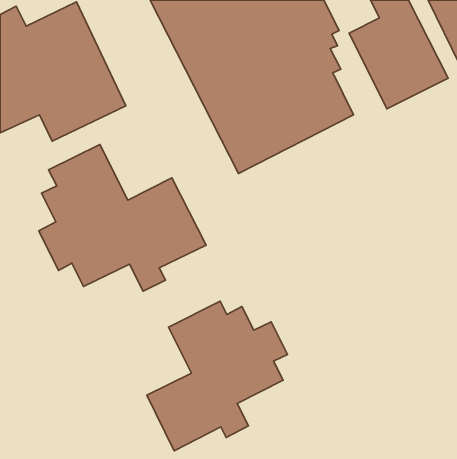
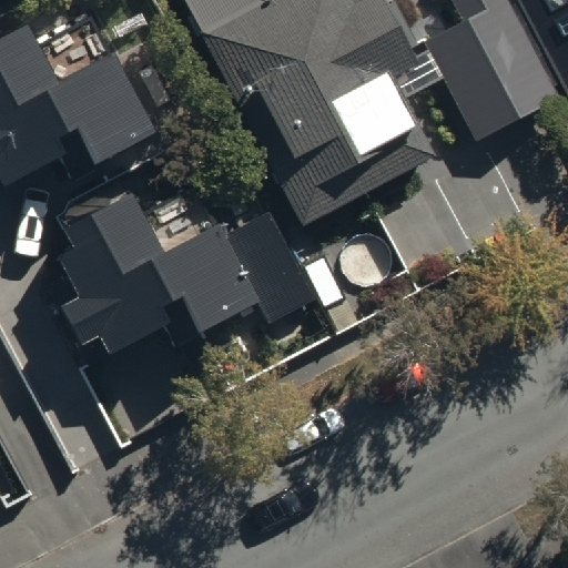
building: [147,301,288,451] -> none

